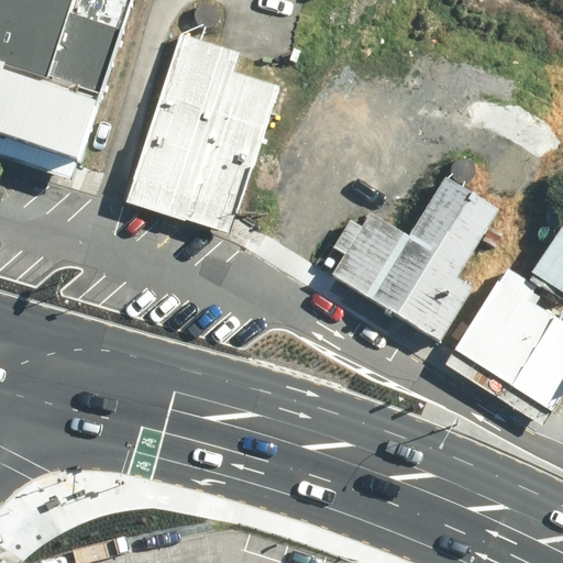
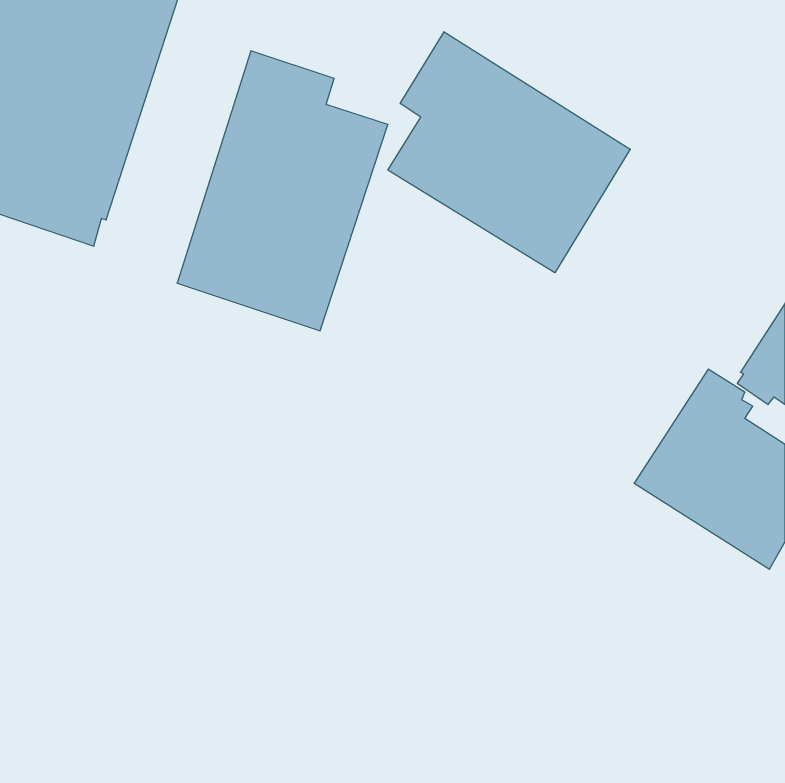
building: none -> [388,32,630,273]
building: [333,179,501,341] -> none

